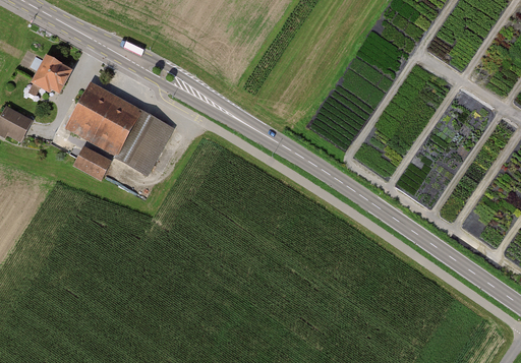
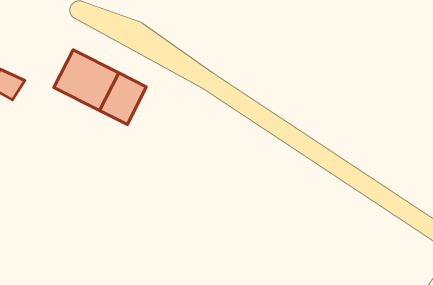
building: [31,55,71,96] -> none
building: [73,144,111,178] -> none

